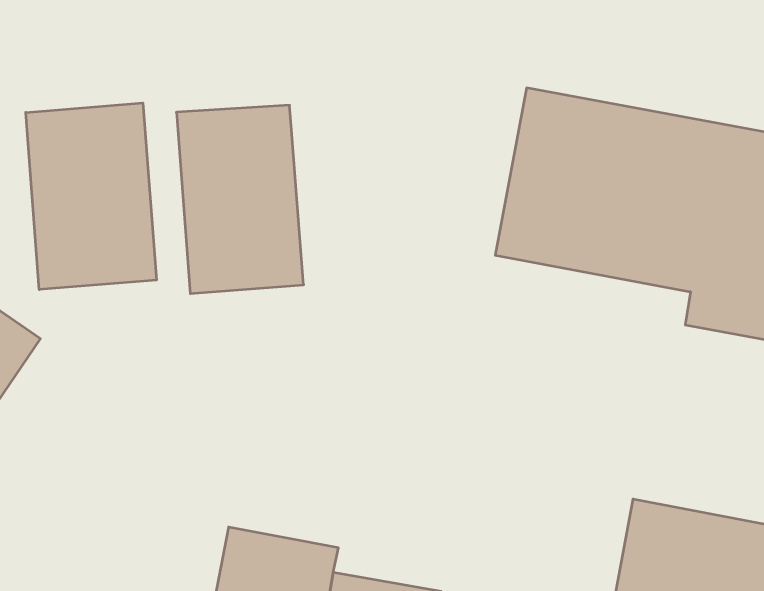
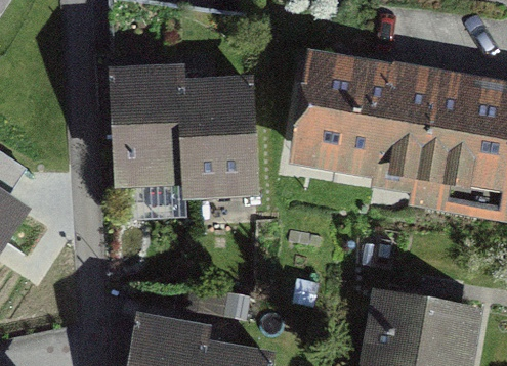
building: [26,103,156,290] -> none
building: none -> [179,76,256,189]

